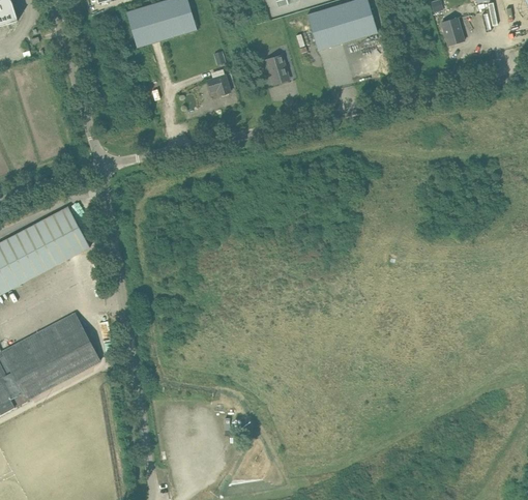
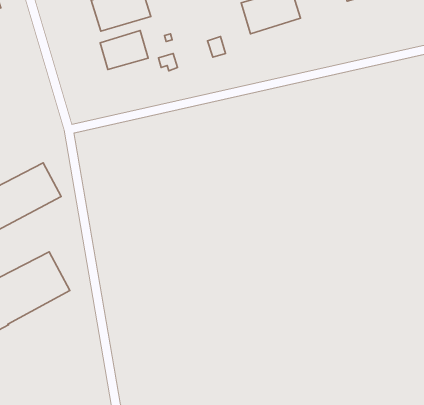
building: [441,17,464,45] -> none
building: none -> [100,31,148,70]

